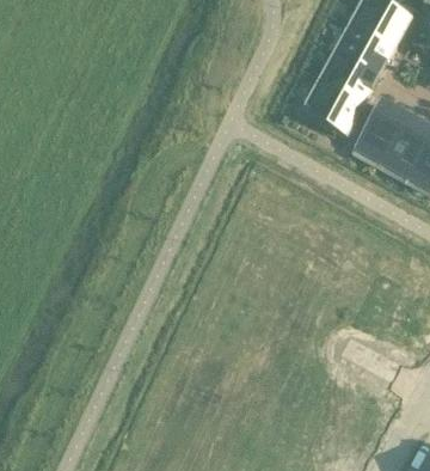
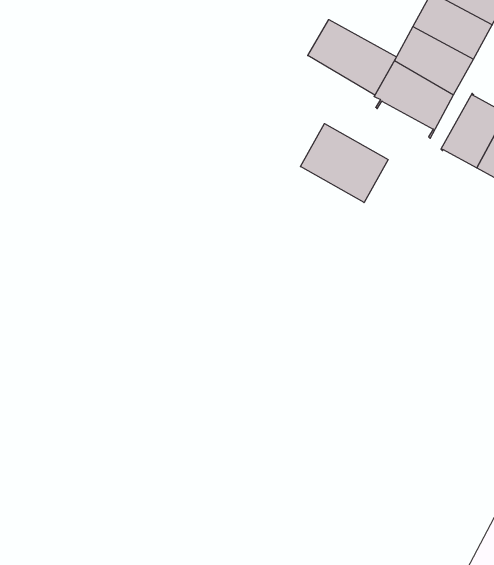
building: none -> [308,20,396,95]
building: none -> [300,124,388,203]

